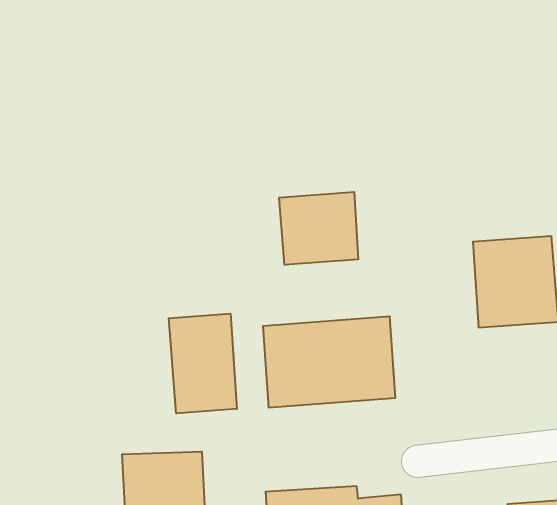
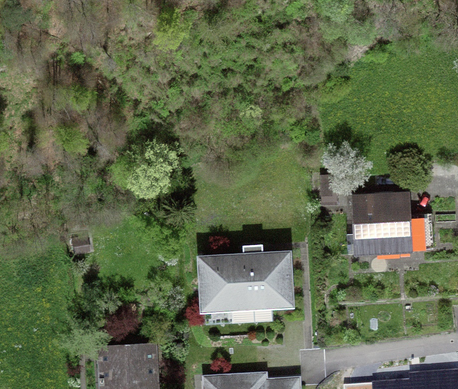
building: [279,192,358,265] -> none
building: [169,314,237,413] -> none

